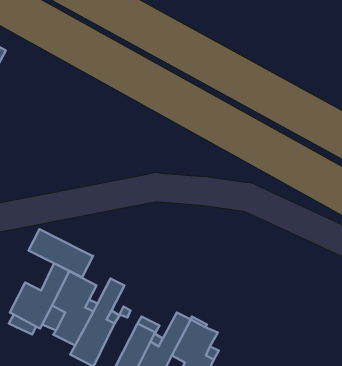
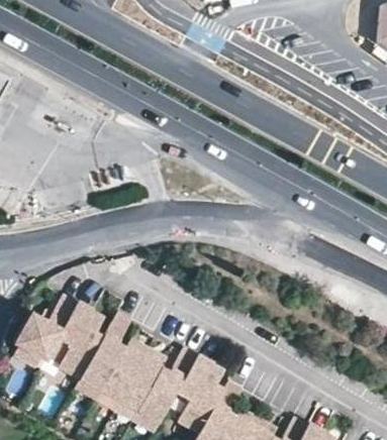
building: [29,229,93,277] -> none

